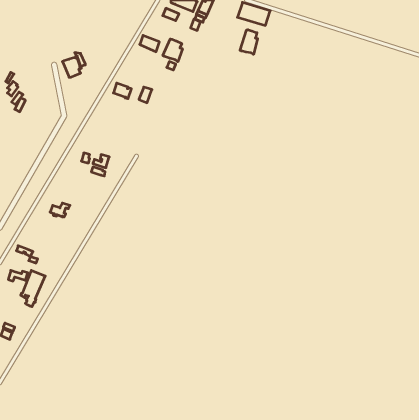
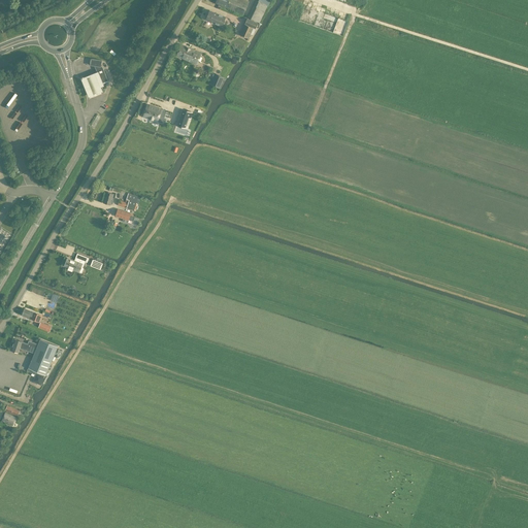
building: [240,30,258,54] -> none
building: [163,39,182,62] -> none

